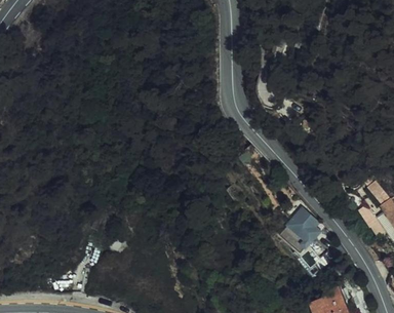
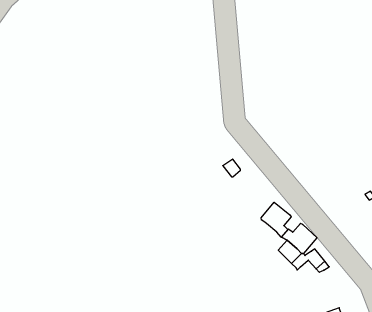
building: none -> [261,202,291,237]

